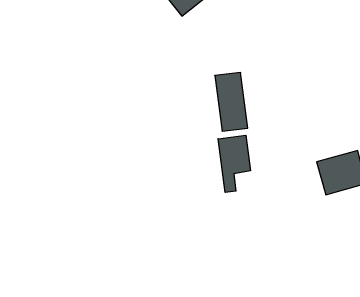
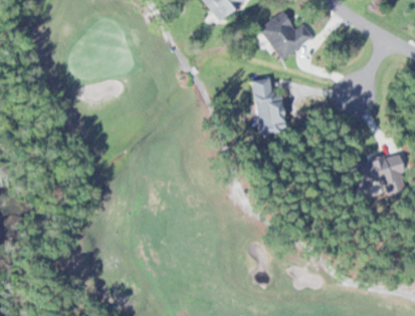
building: none -> [260,11,314,58]
building: [218,135,250,192] -> none

